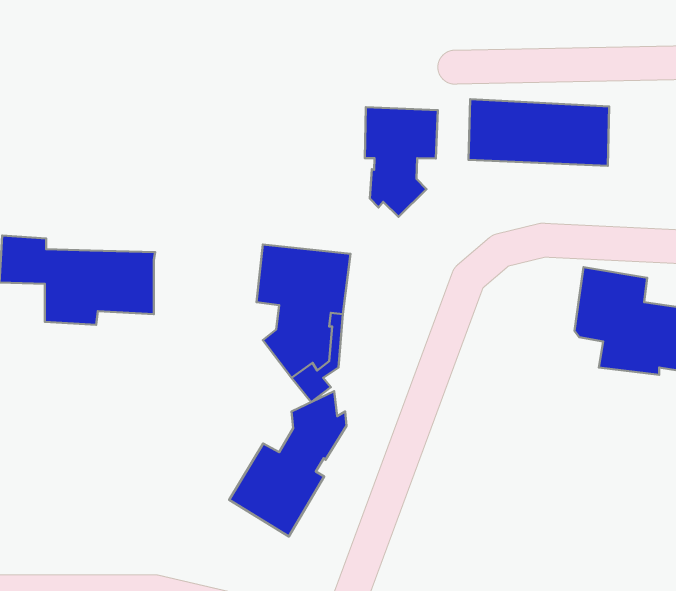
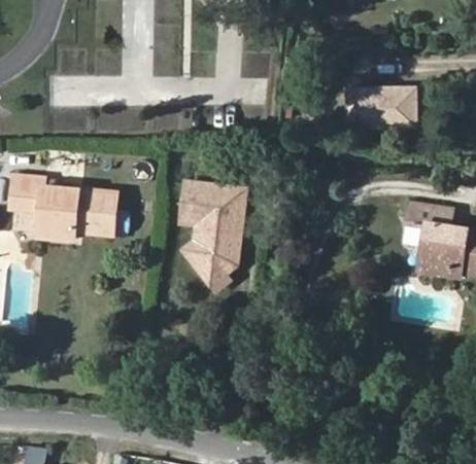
building: [365,107,438,217] -> none
building: [229,391,347,536] -> none

